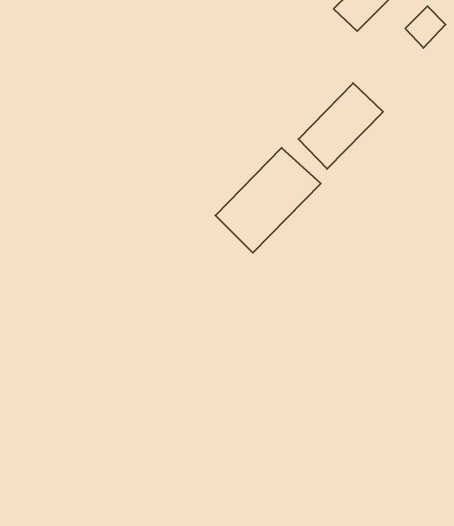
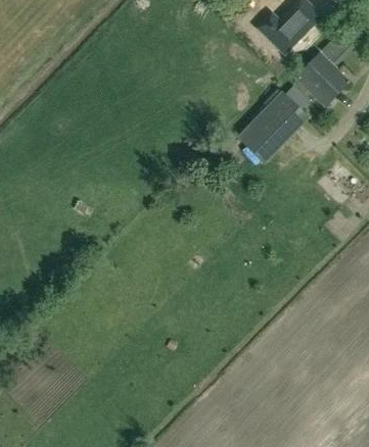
building: none -> [297,52,350,104]
building: [215,148,321,253] -> none

